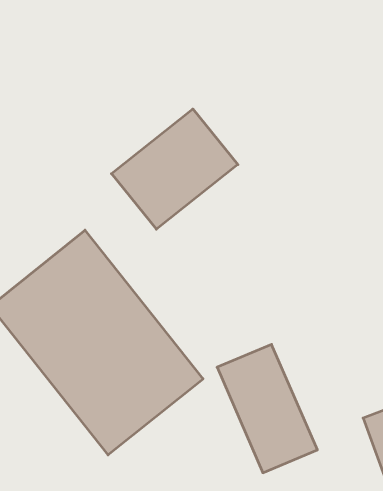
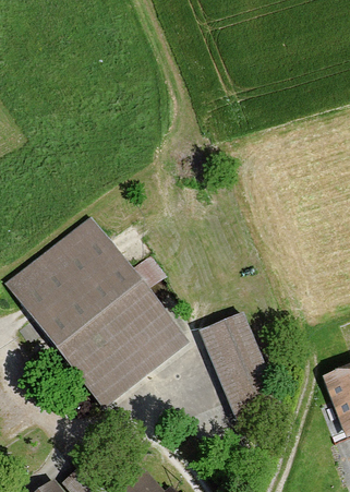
building: [111,109,238,229] -> none

